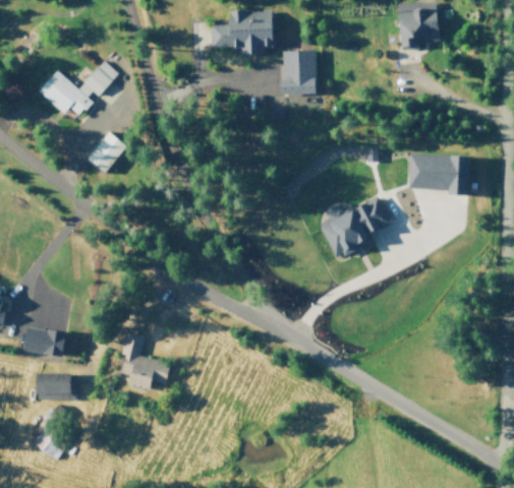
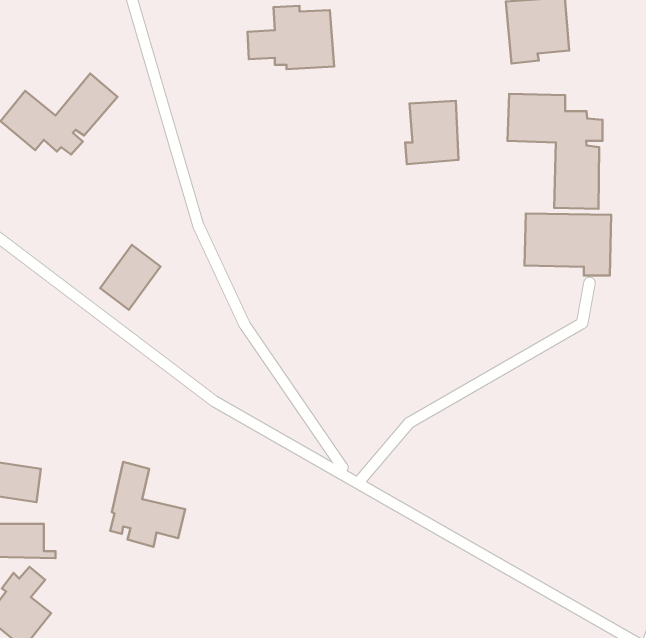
building: [279,50,317,95] -> [405,101,459,164]
building: none -> [507,94,603,209]
building: [84,129,127,175] -> [100,245,161,310]
building: [319,200,385,260] -> none

